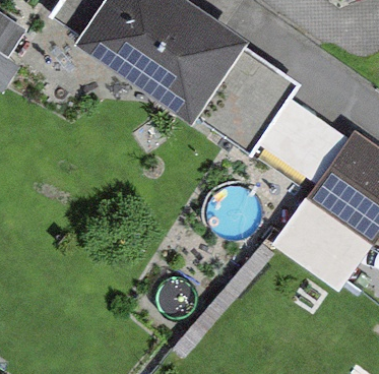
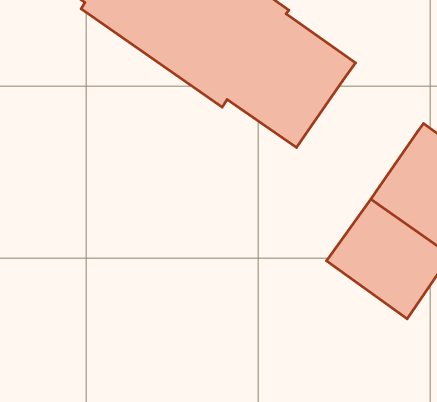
building: [262,102,353,187] -> none

